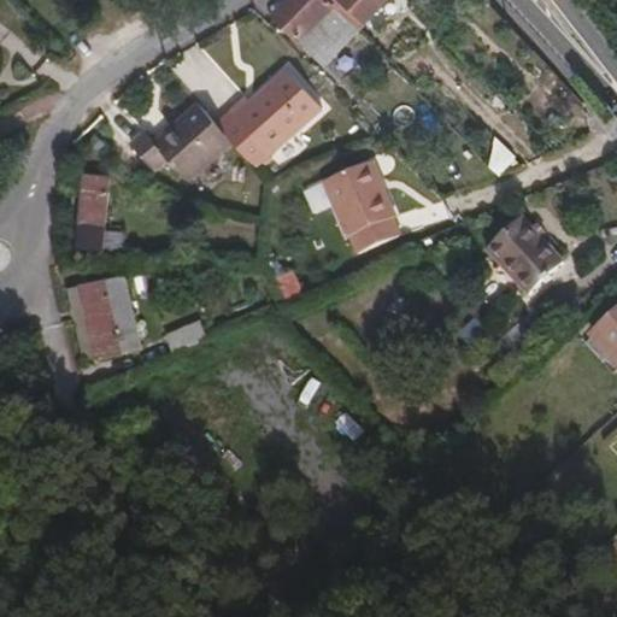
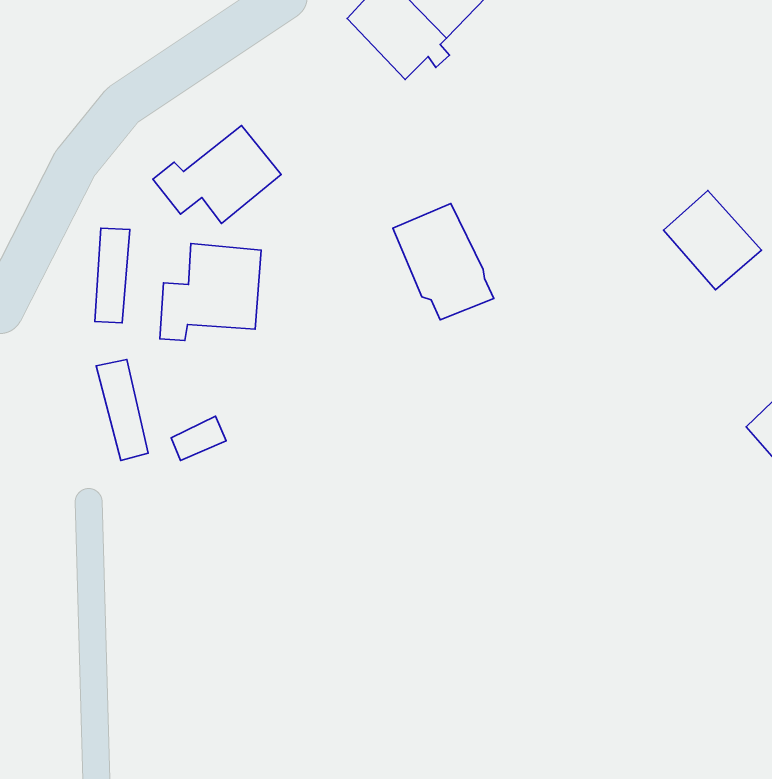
building: [223,61,311,145] -> none
building: none -> [160,244,261,340]
building: [492,222,569,300] -> [664,190,761,290]

